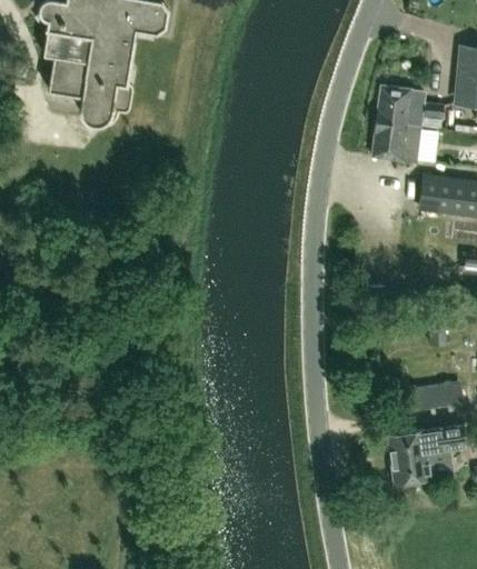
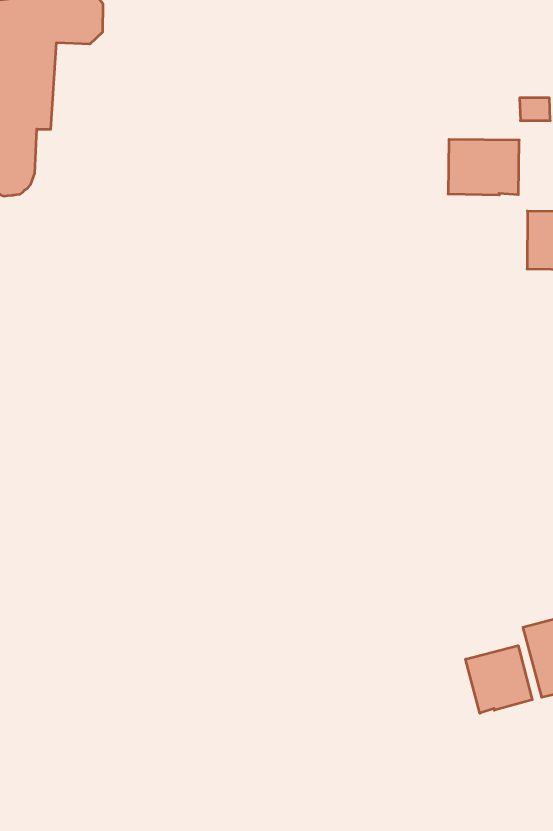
building: [377,86,423,128] -> none
building: none -> [466,646,532,713]

